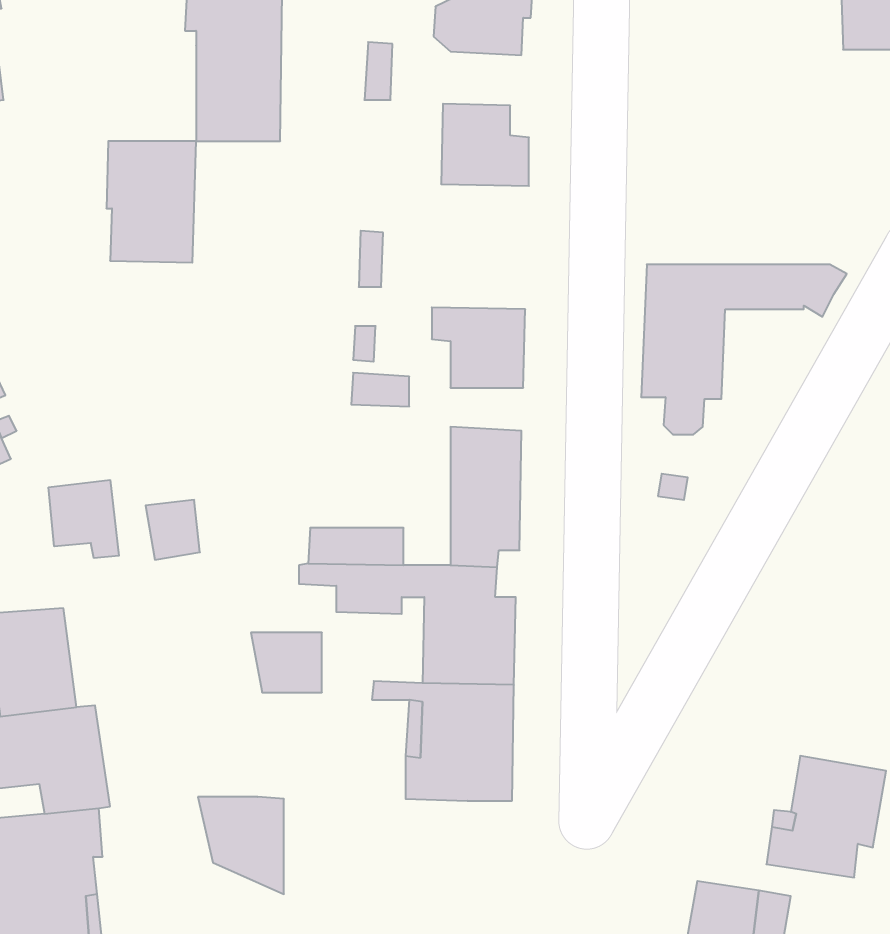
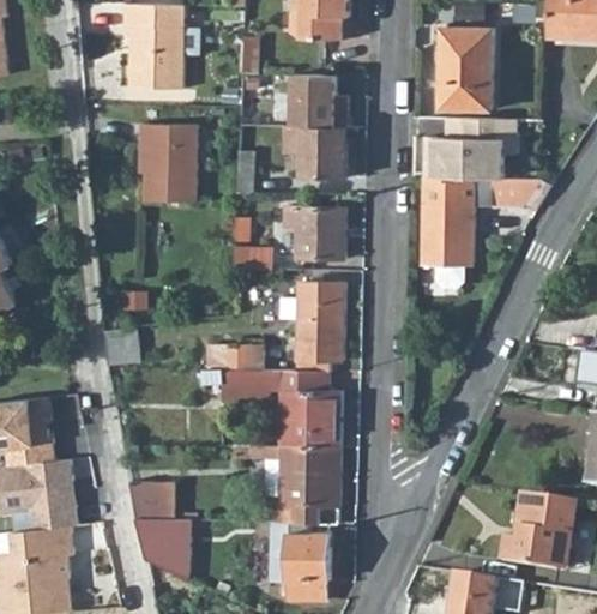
building: none -> [438,30,492,112]
building: [106,141,196,263] -> [140,124,198,201]
building: none -> [422,118,515,177]
building: none -> [284,126,346,177]
building: [49,480,119,558] -> none
building: [251,633,322,692] -> [127,481,173,519]
building: none -> [255,520,328,601]

